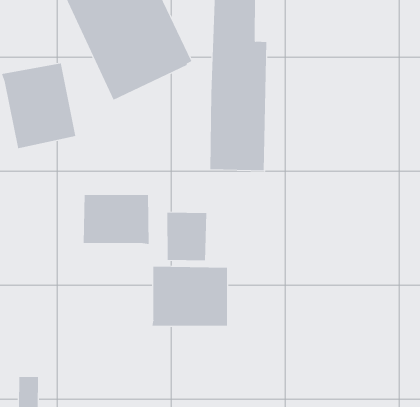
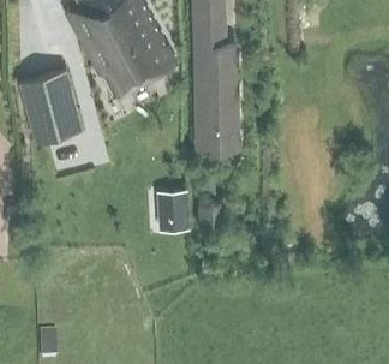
building: [83,194,149,245] -> none
building: [152,266,228,326] -> none

